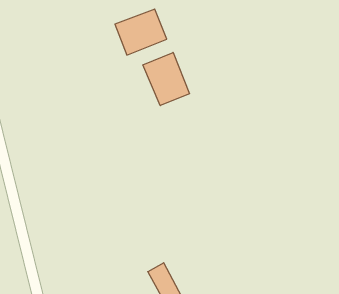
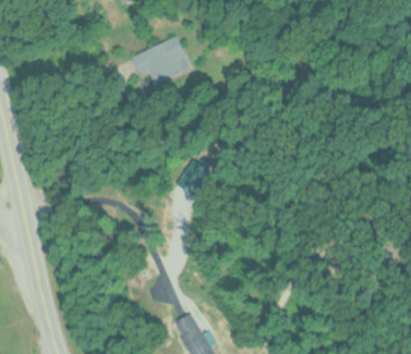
building: [143,52,190,106] -> none

